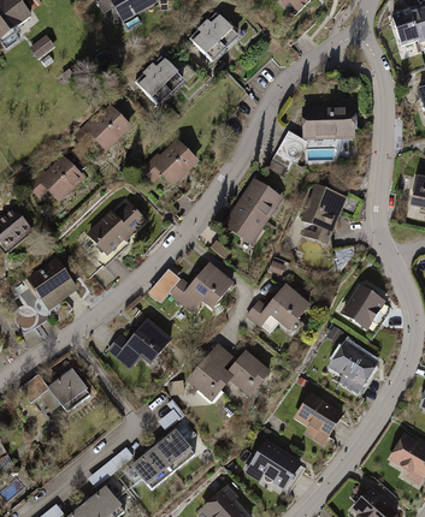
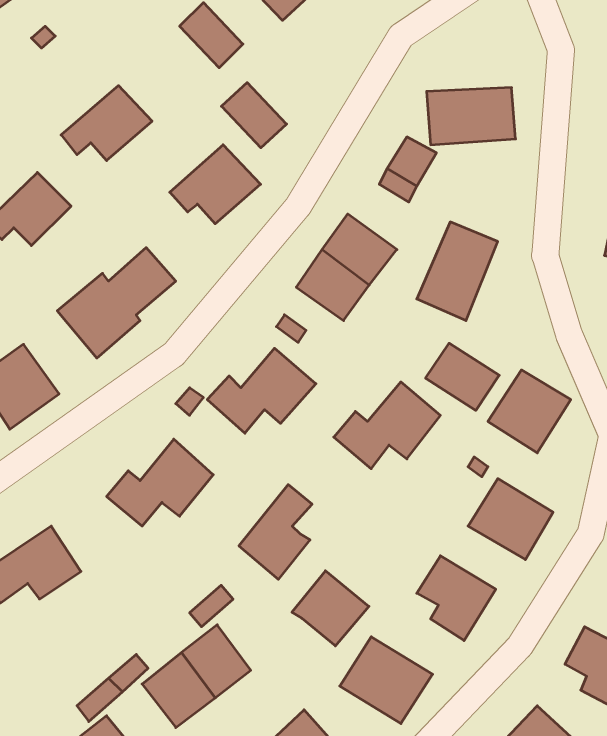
building: [135,67,175,107] -> [221,83,287,148]
building: none -> [426,343,499,410]
building: [224,351,271,397] -> [292,571,369,646]

